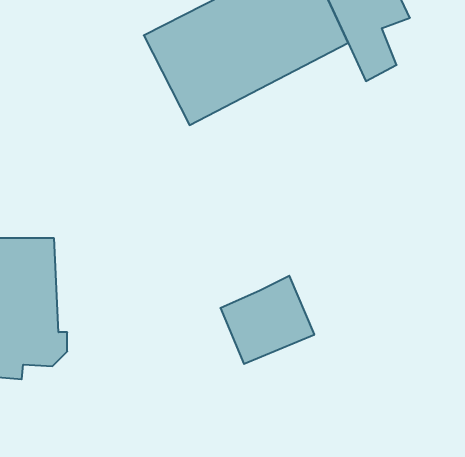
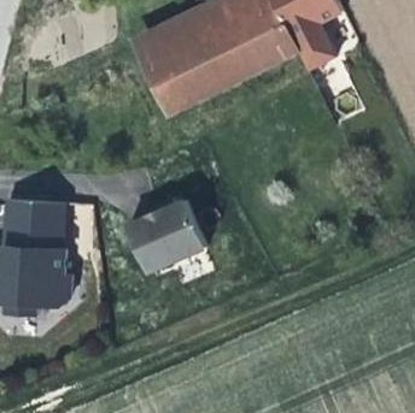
building: [220,276,314,364] -> [127,196,204,269]

